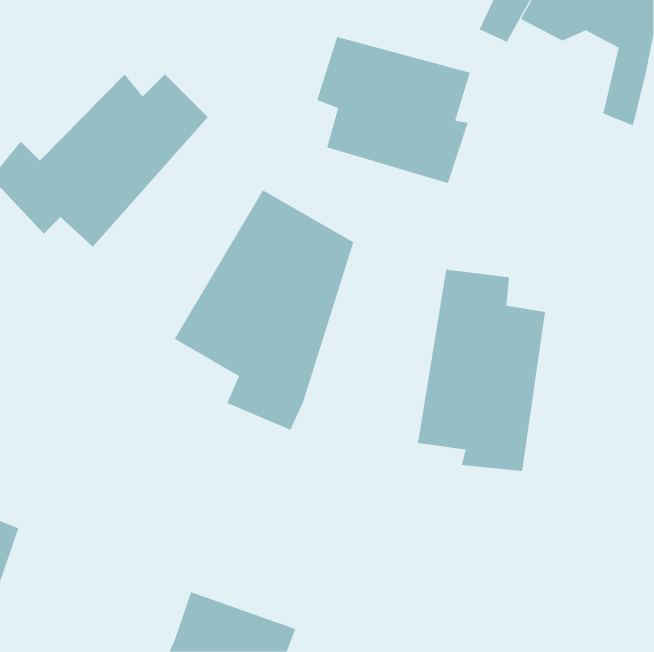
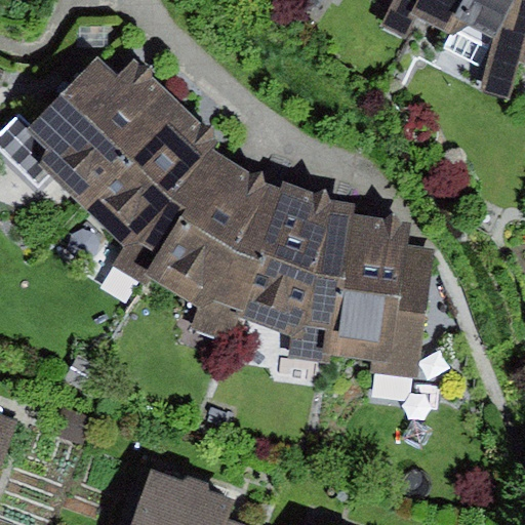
building: [317,36,470,184] -> none
building: none -> [74,93,217,278]
building: none -> [242,183,356,359]

